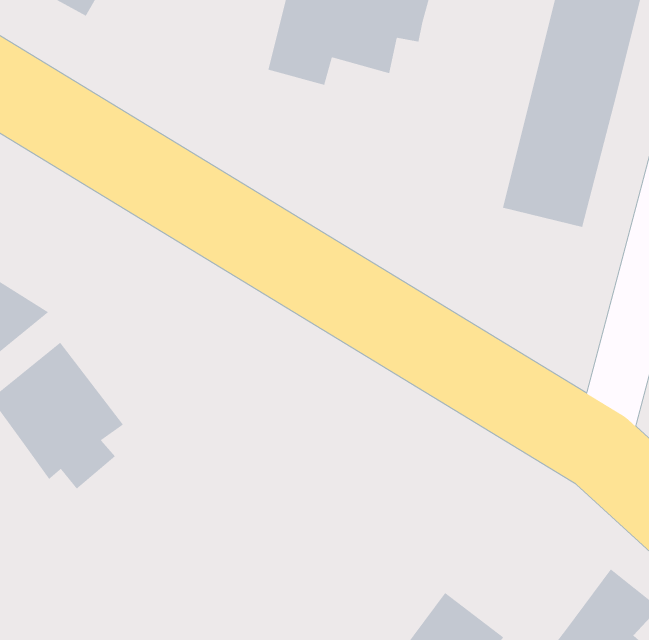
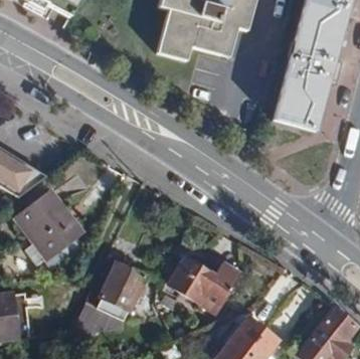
building: none -> [168,257,240,312]
building: none -> [71,261,146,333]

